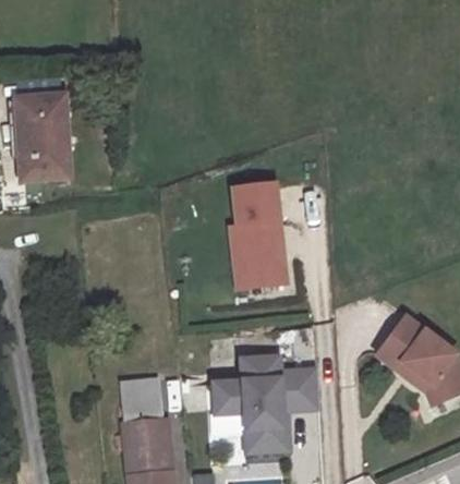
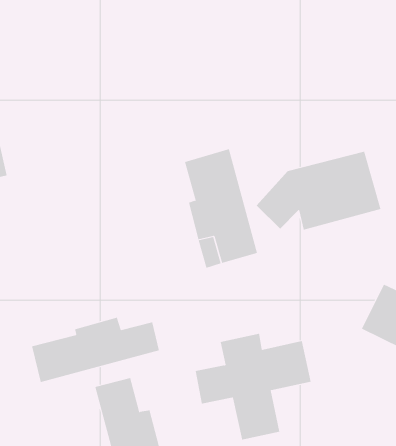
building: none -> [256,151,381,230]
building: none -> [32,317,160,383]

